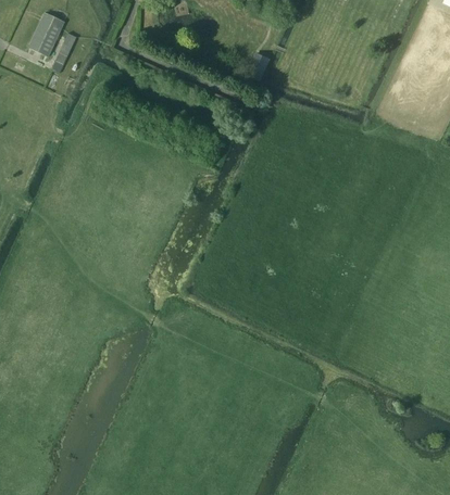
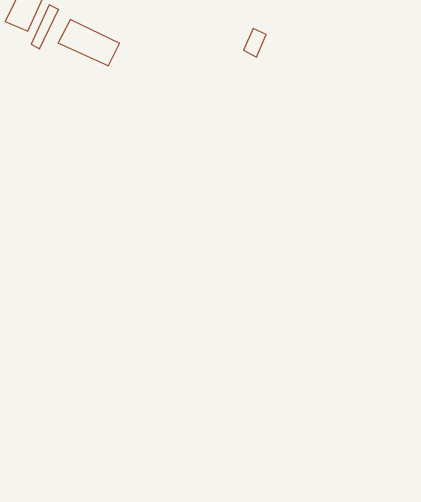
building: none -> [58,19,119,66]

